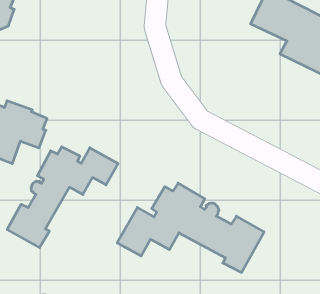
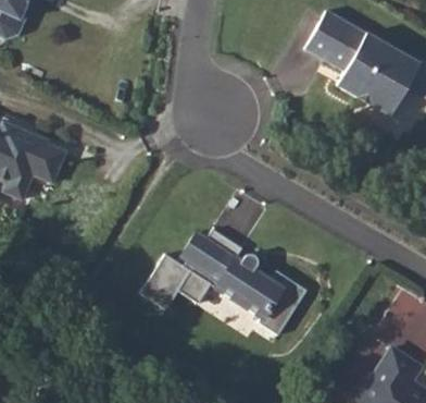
building: [7,147,118,248] -> none

